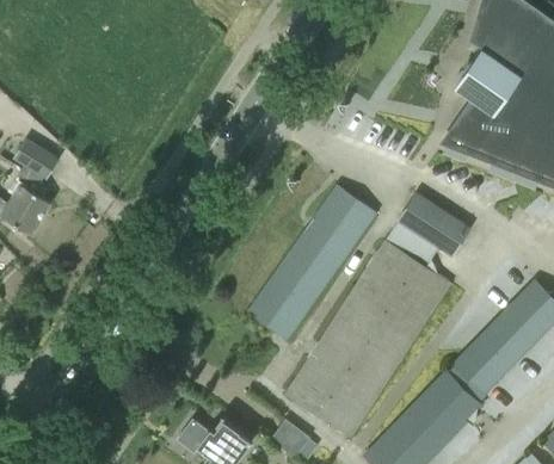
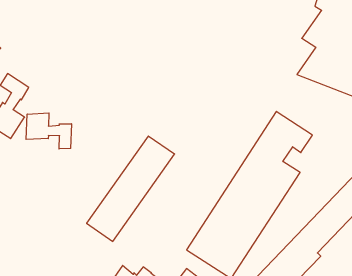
building: [247,186,375,339] -> [87,136,175,241]
building: none -> [26,113,71,149]

